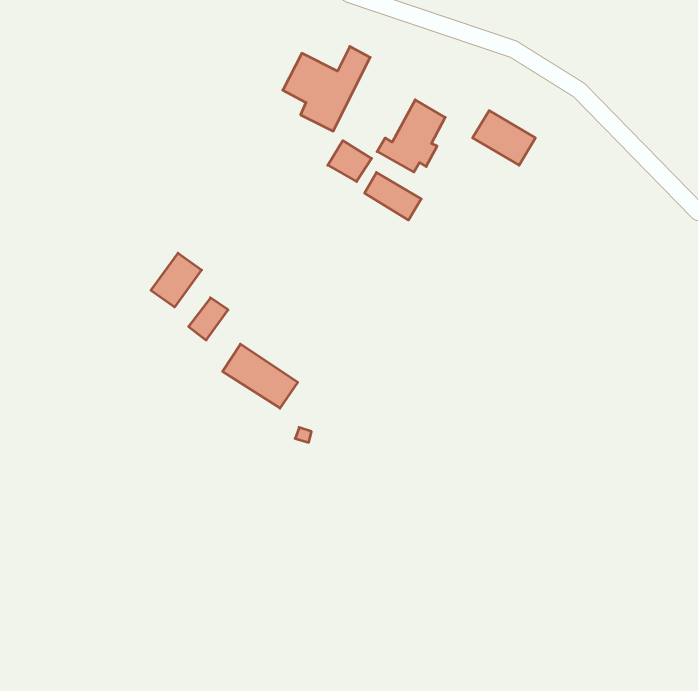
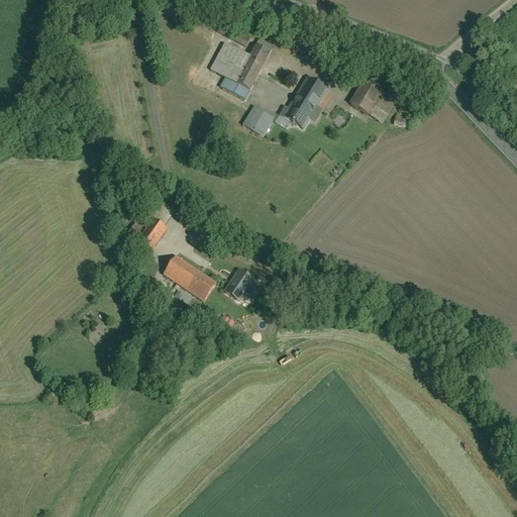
building: [365,172,421,220] -> none
building: [151,253,202,307] -> none
building: none -> [224,269,264,302]

